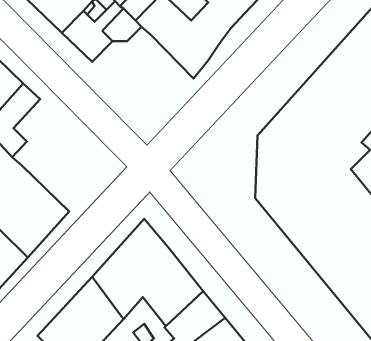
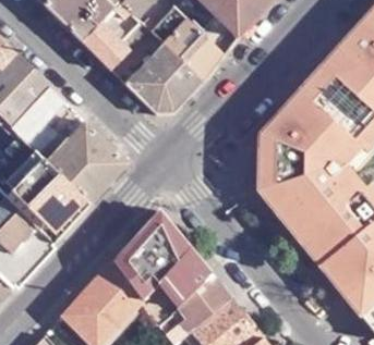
building: none -> [126,44,203,113]
building: none -> [48,121,126,202]

